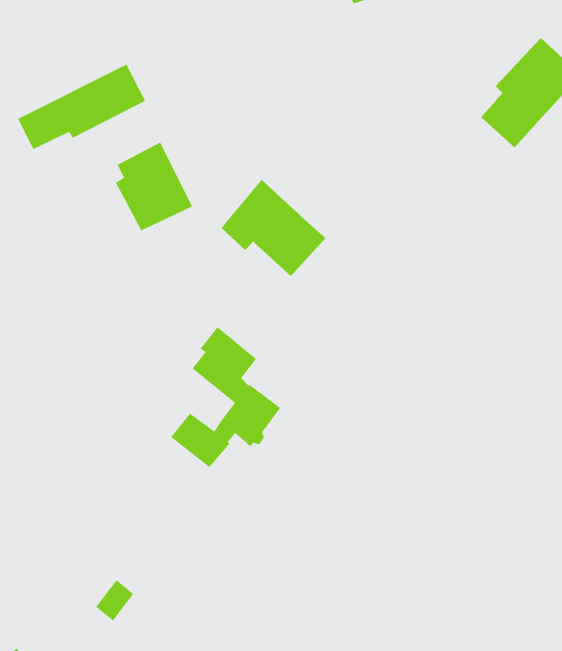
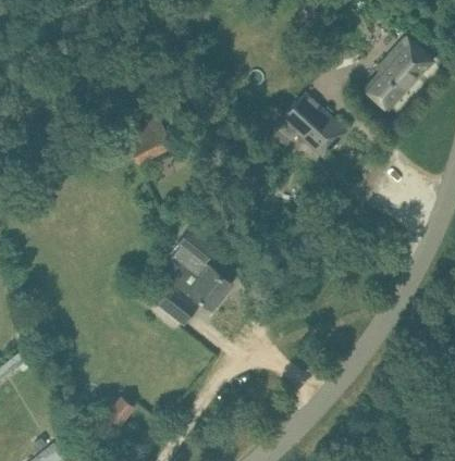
building: [17,64,146,150] -> none
building: [221,179,327,277] -> [275,94,346,159]

